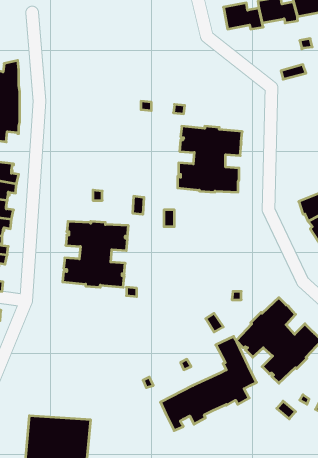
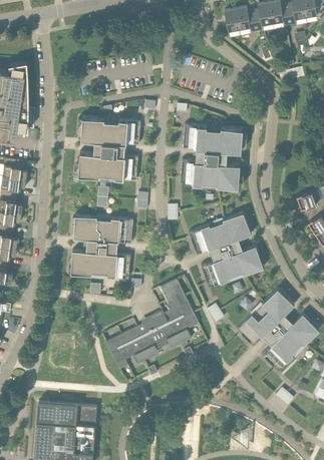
building: none -> [78,116,140,180]
building: none -> [189,212,264,288]
building: [160,336,257,431] -> [106,279,199,369]

